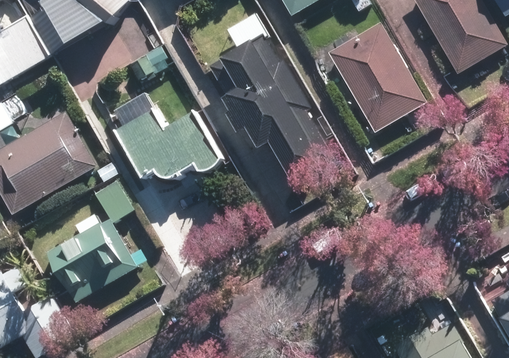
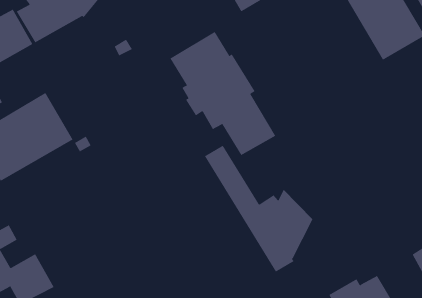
building: [327,21,426,132] -> none
building: [113,109,220,181] -> none
building: none -> [204,145,313,272]
building: [47,179,146,300] -> none

